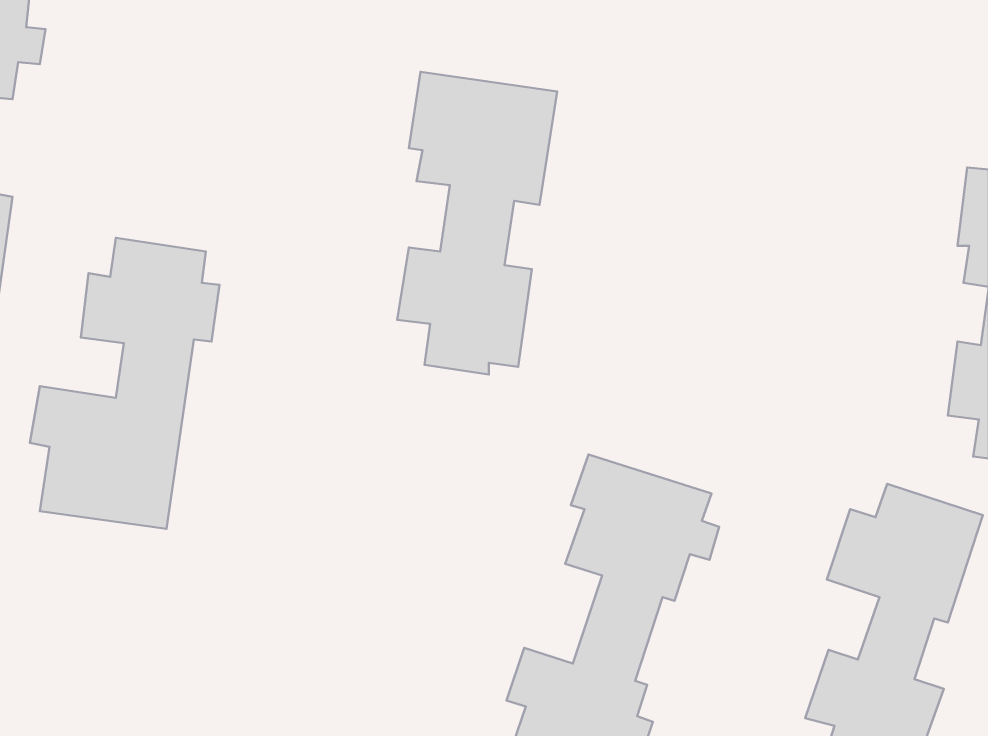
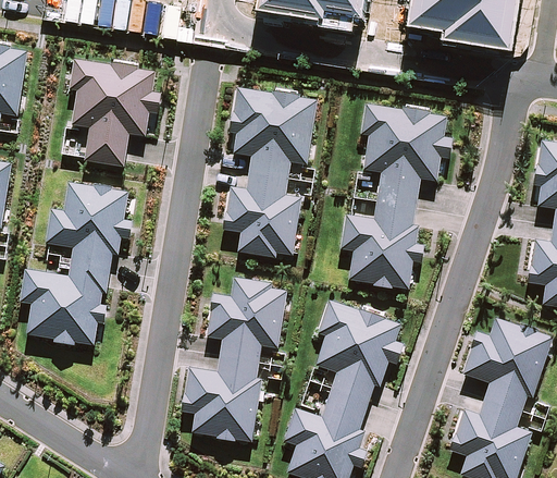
building: none -> [66,60,156,157]
building: none -> [344,106,451,289]
building: none -> [186,280,286,440]

